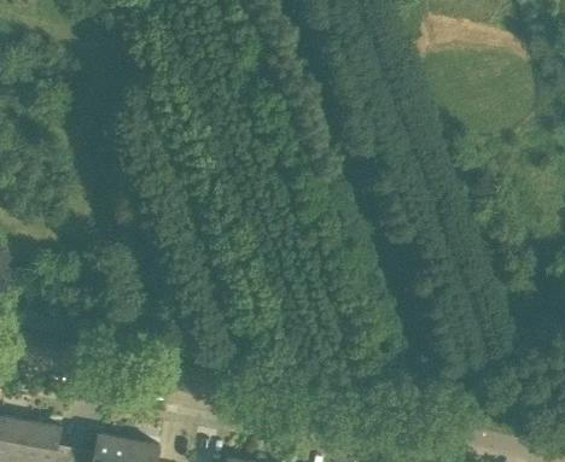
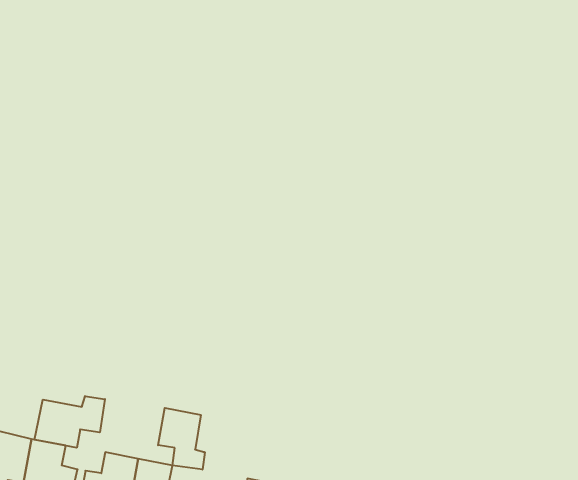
building: none -> [35,396,105,448]
building: none -> [158,408,205,470]

